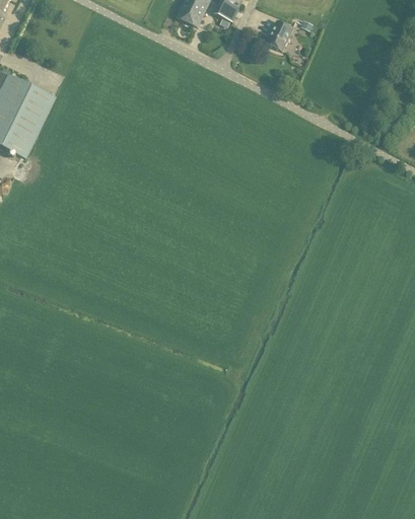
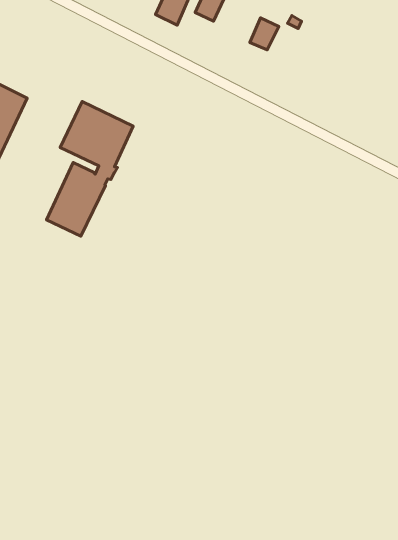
building: none -> [46,102,133,236]

